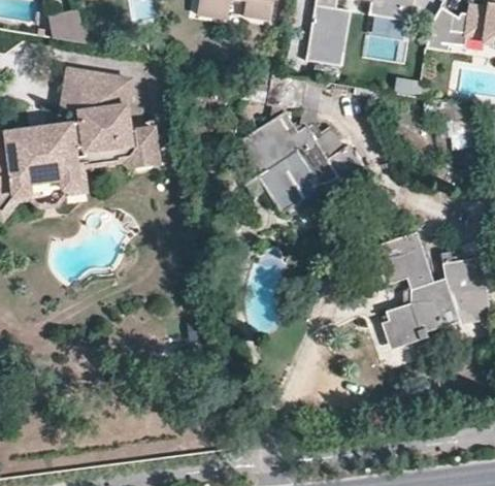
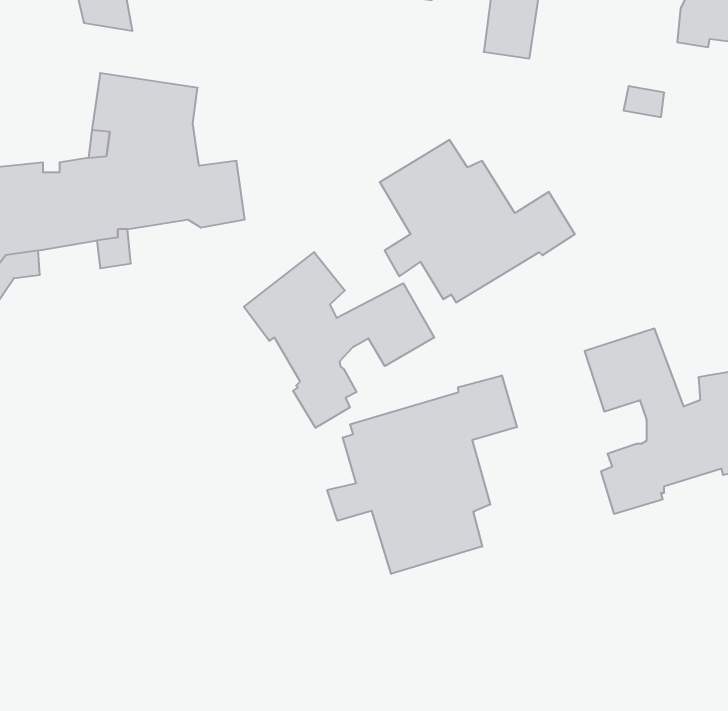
building: none -> [244,252,434,428]
building: none -> [327,375,517,574]

